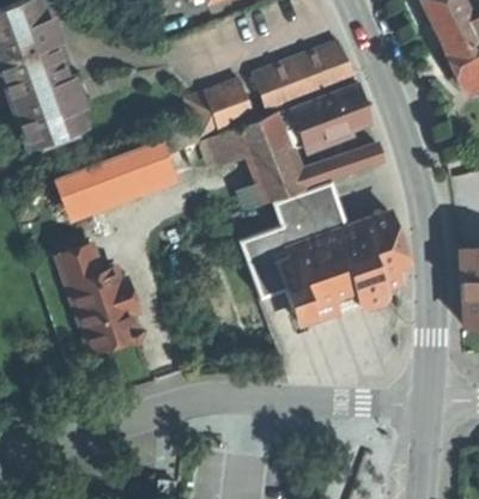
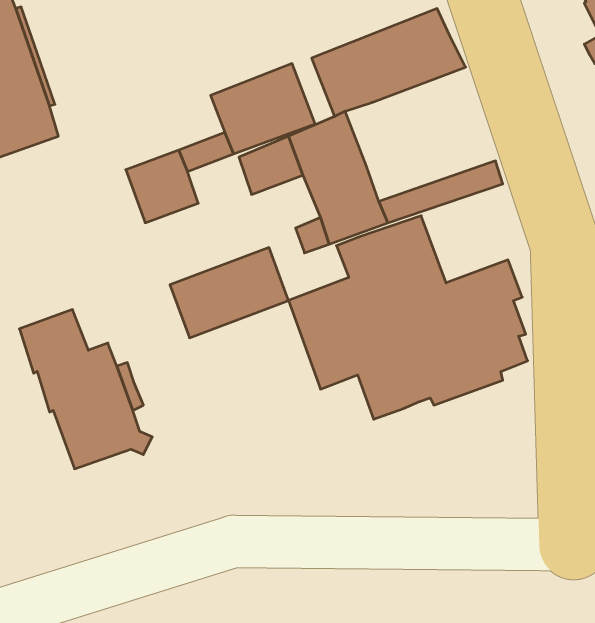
building: [278,84,372,148] -> none
building: [62,151,143,212] -> [170,248,289,338]

